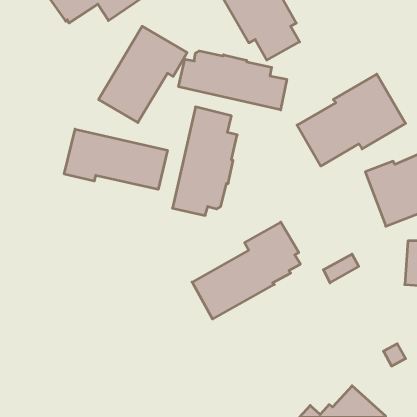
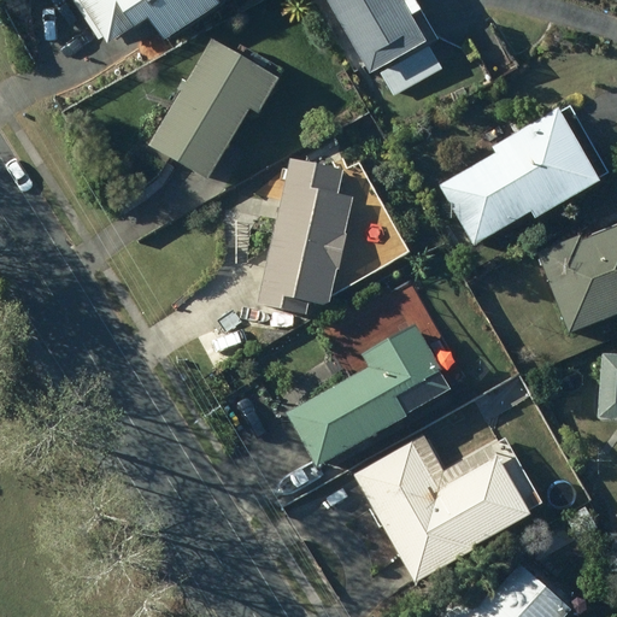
building: [179,51,287,110] -> none
building: [64,129,167,189] -> none
building: none -> [354,434,530,582]

